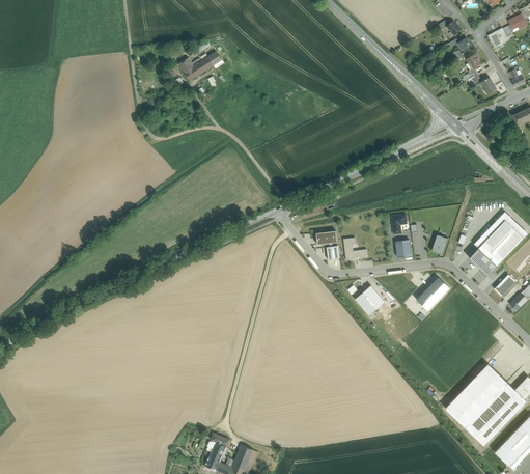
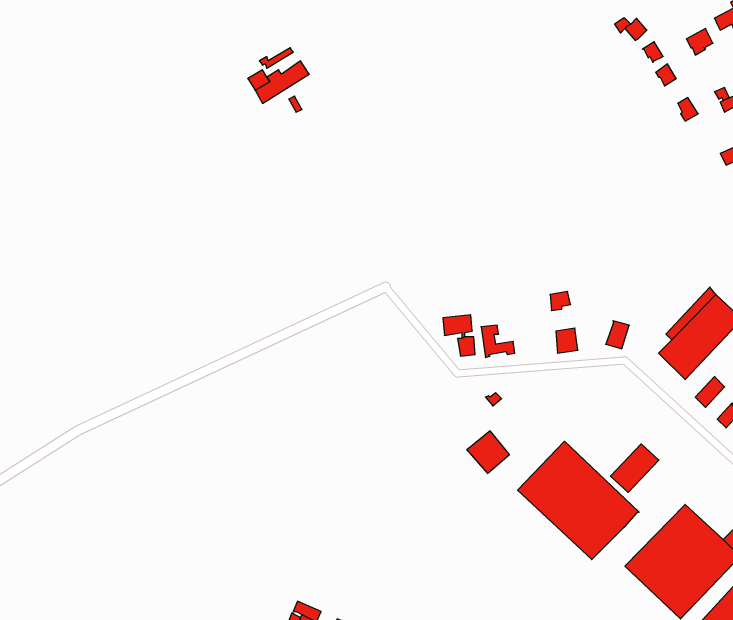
building: [416,276,450,310] -> [610,444,659,492]
building: [355,285,385,315] -> [467,431,509,473]
building: none -> [518,441,639,560]

